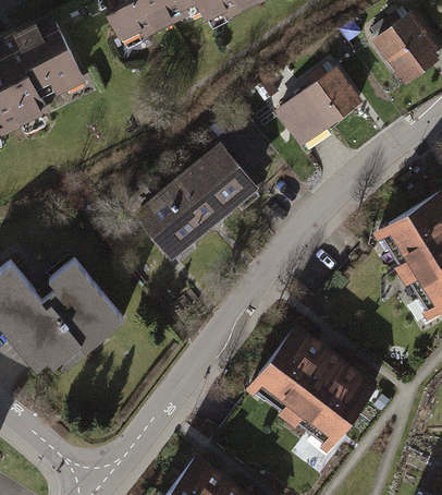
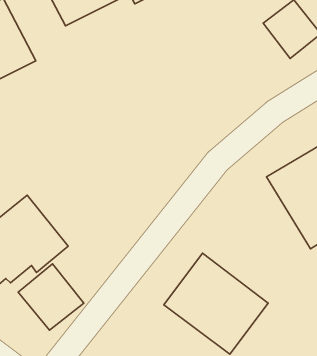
building: [273,69,361,149] -> none
building: [133,140,257,257] -> none
building: none -> [18,264,84,330]

